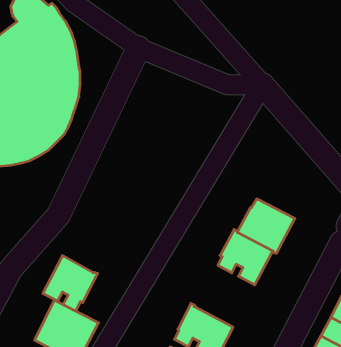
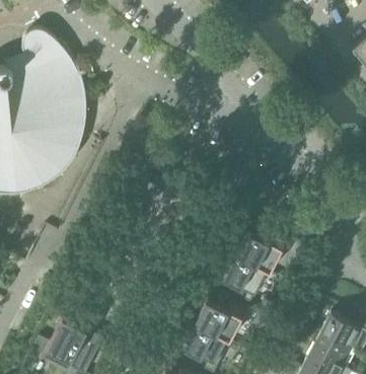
building: [43,256,98,311] -> none
building: none -> [193,291,246,342]

